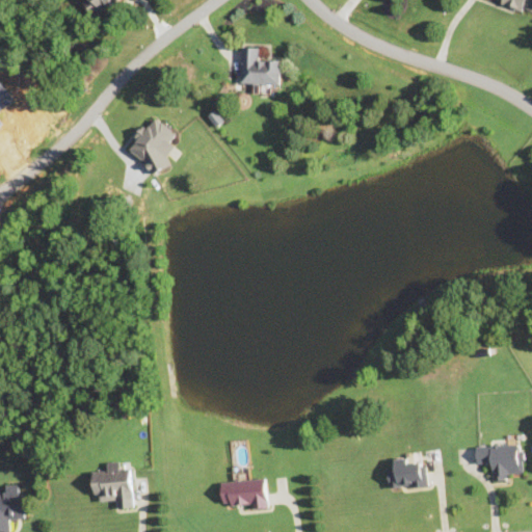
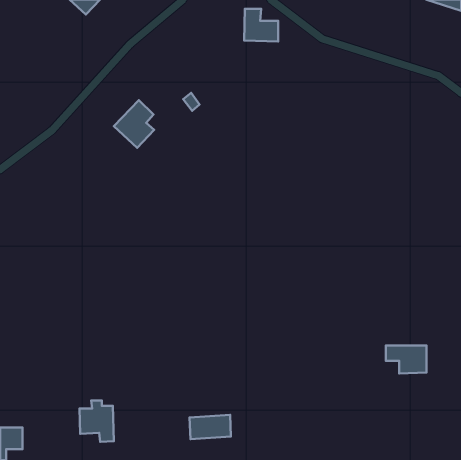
building: [238,46,277,83] -> [244,9,278,41]
building: [474,444,521,476] -> [386,346,426,374]
building: [392,460,425,485] -> none

